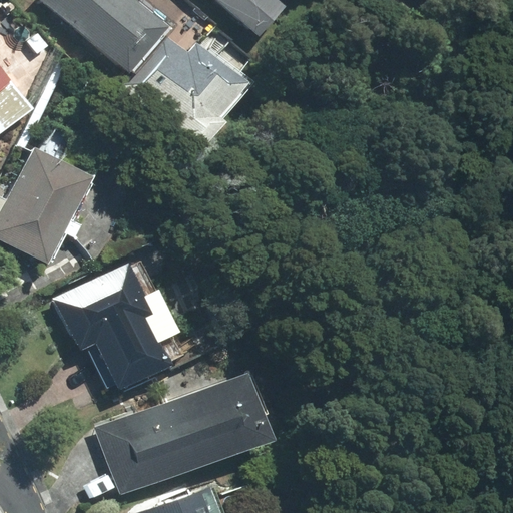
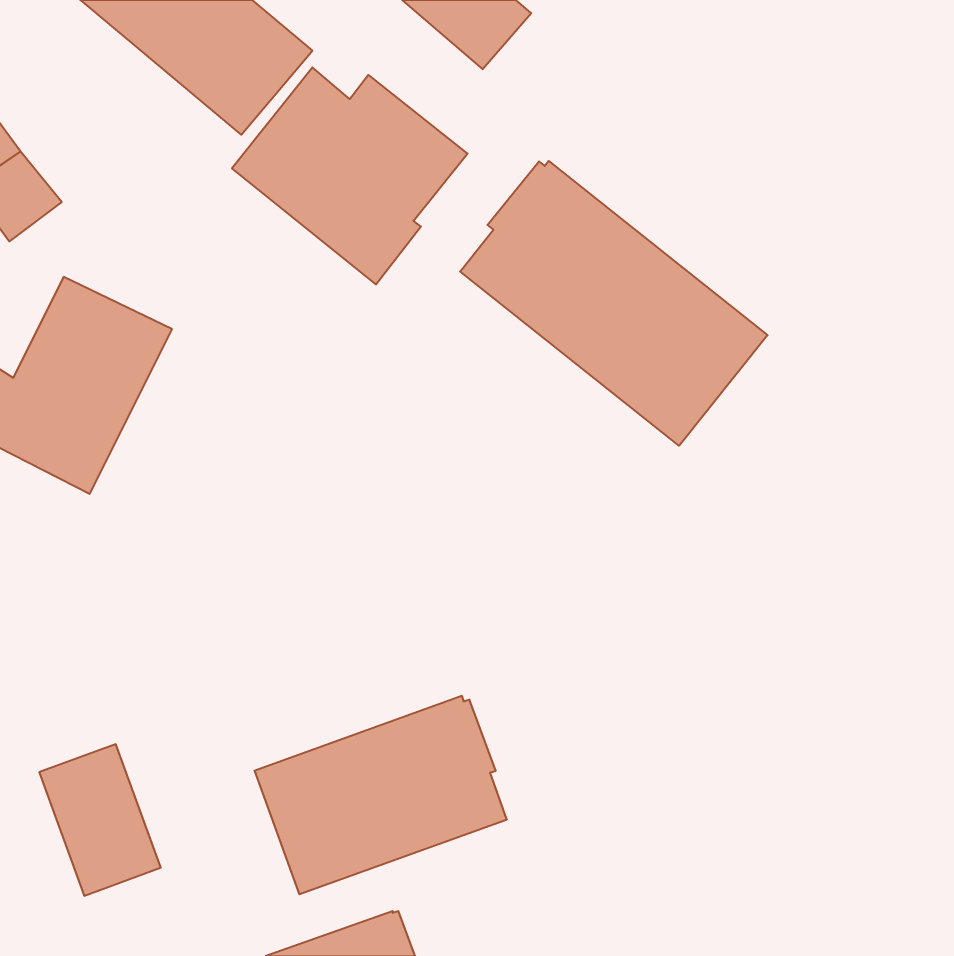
building: none -> [460,161,768,446]
building: [56,263,180,388] -> none
building: [95,413,160,494] -> [39,744,161,896]

